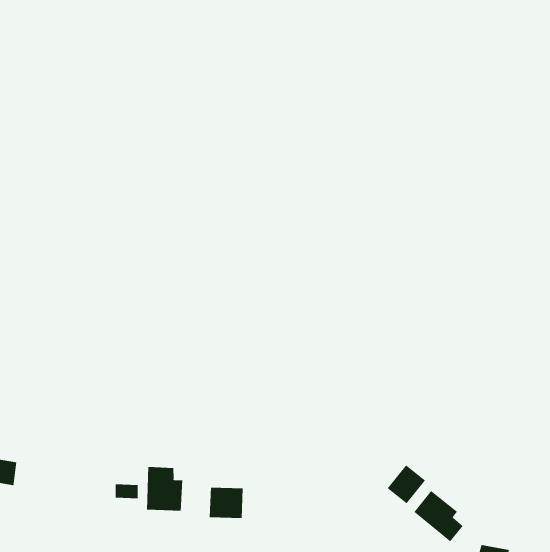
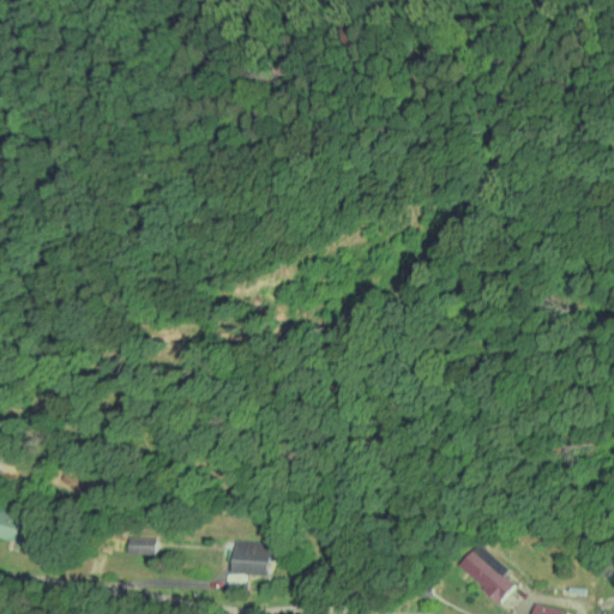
building: [387,464,426,504] -> none
building: [147,466,183,512] -> none

